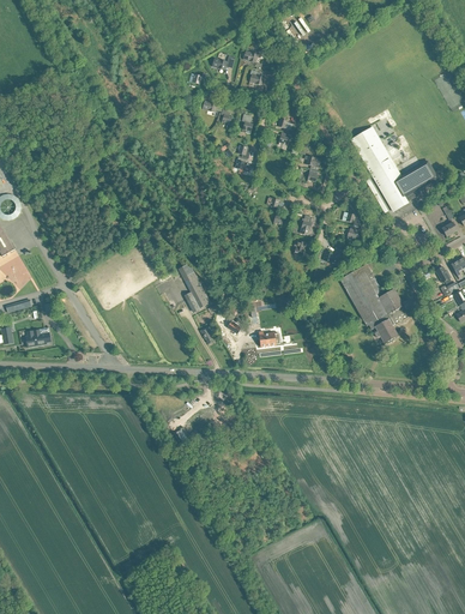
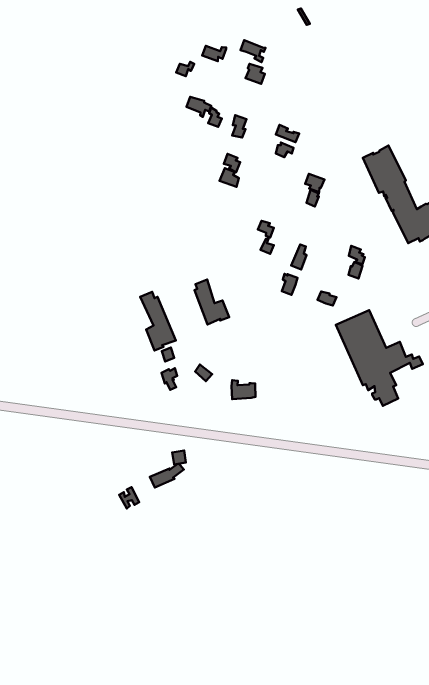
building: none -> [194,279,229,325]

